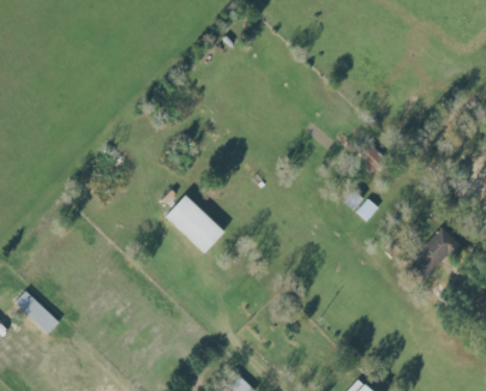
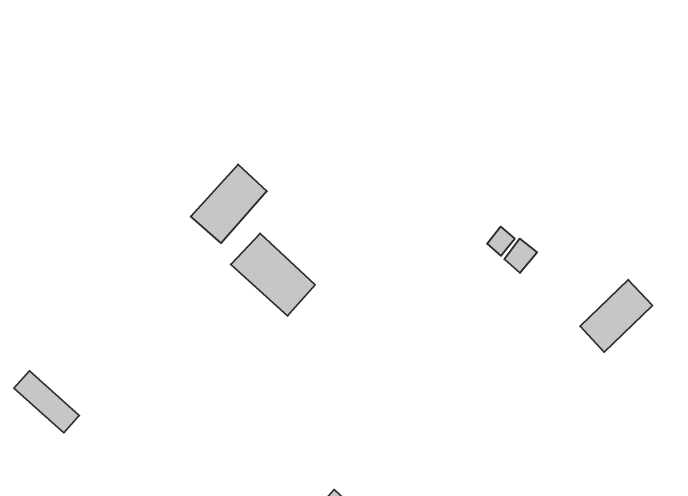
building: none -> [191,164,267,243]

